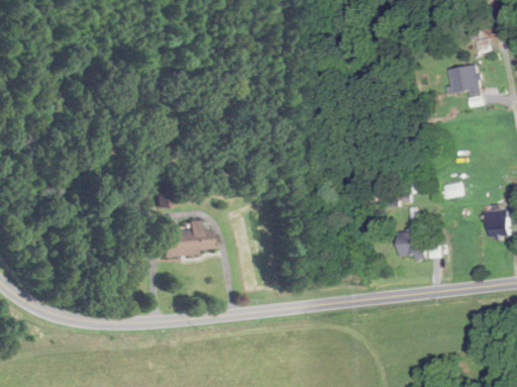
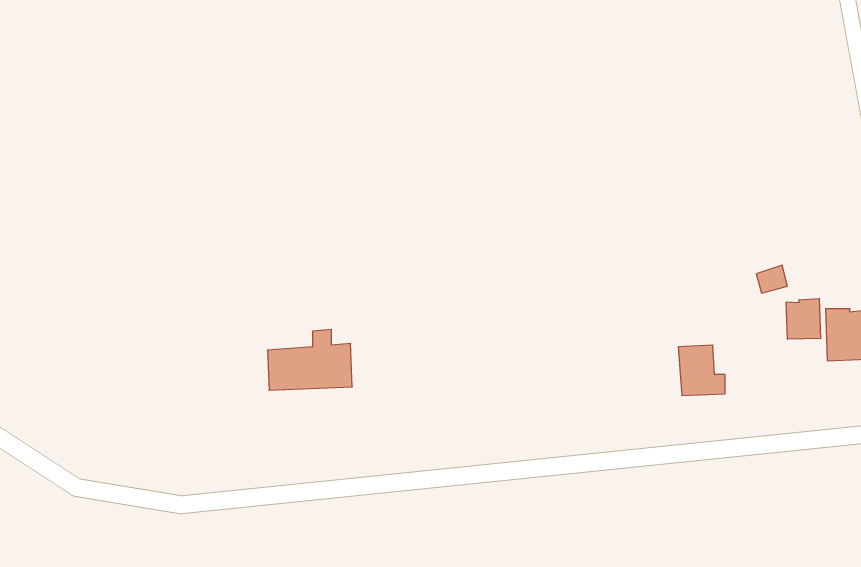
building: [448,65,482,102] -> none
building: none -> [786,298,821,339]

